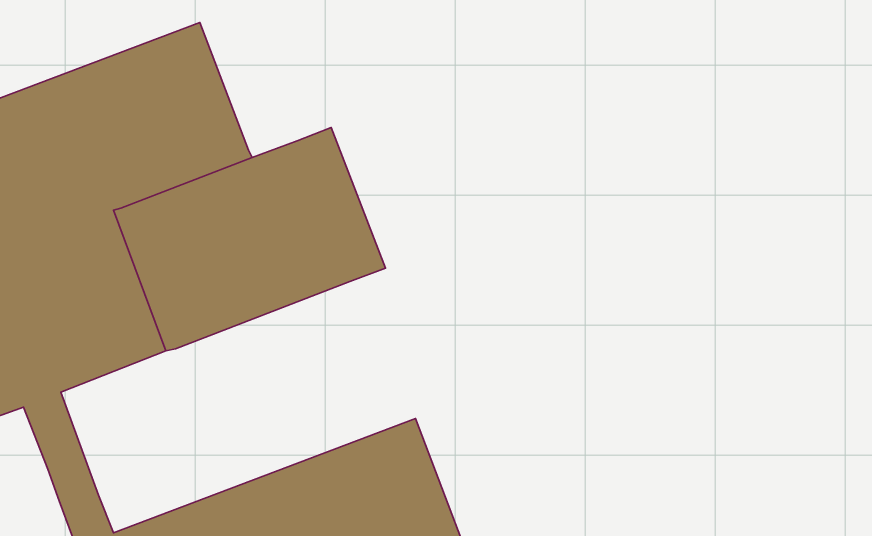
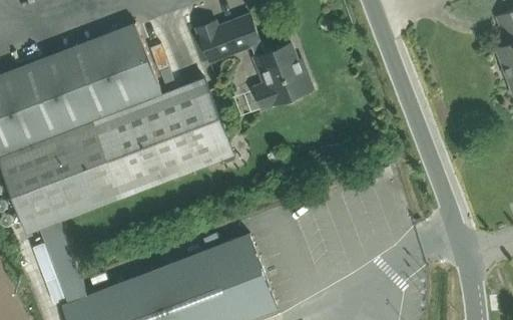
building: none -> [196,16,312,113]

